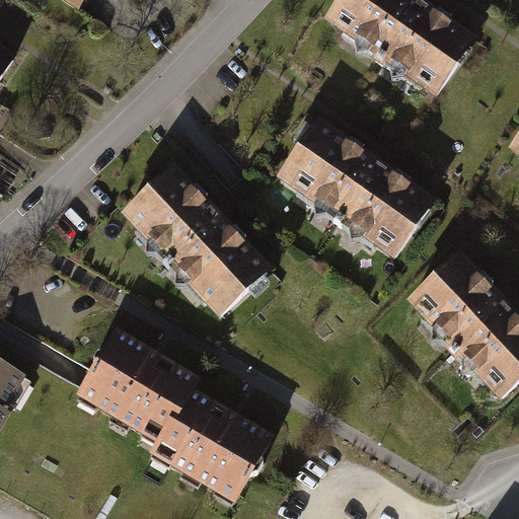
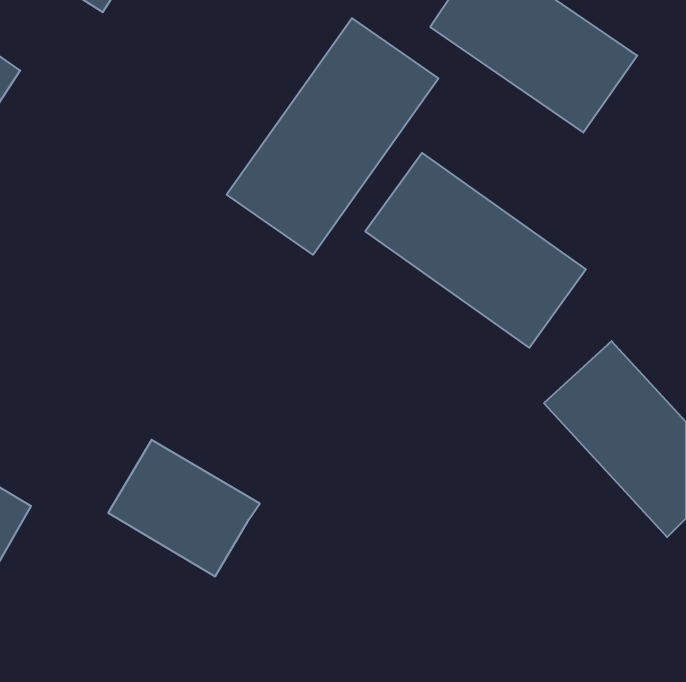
building: none -> [227,18,438,255]
building: [123,169,266,309] -> none
building: [155,389,268,489] -> none

